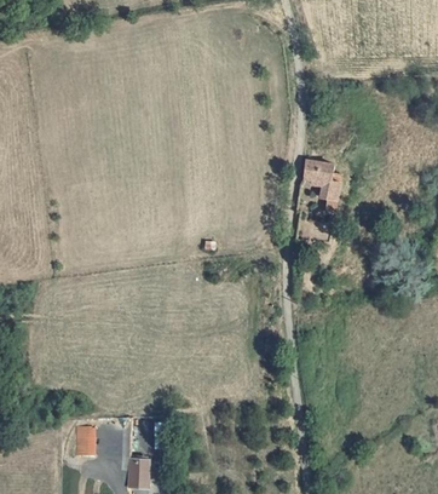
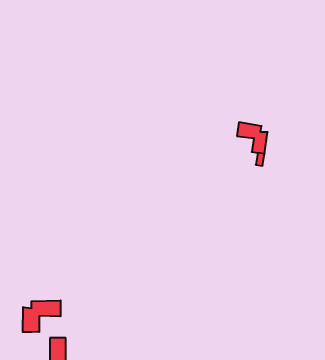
building: none -> [23,300,61,332]

